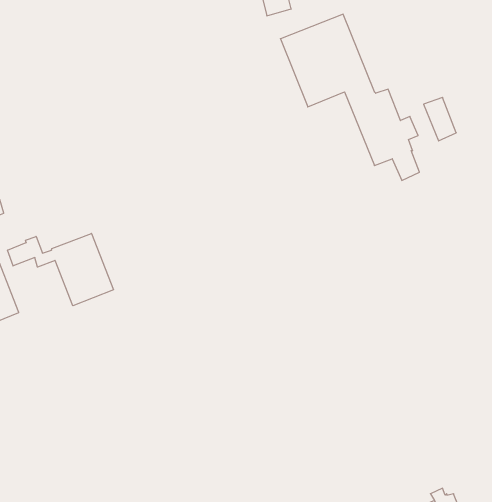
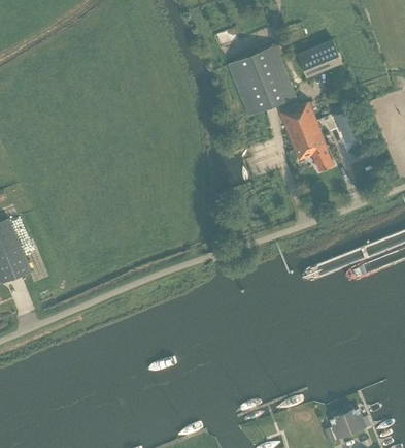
building: none -> [297,40,342,78]
building: [8,233,114,306] -> none

